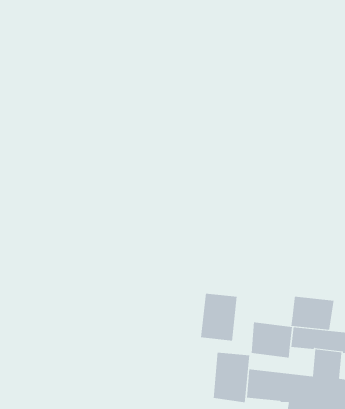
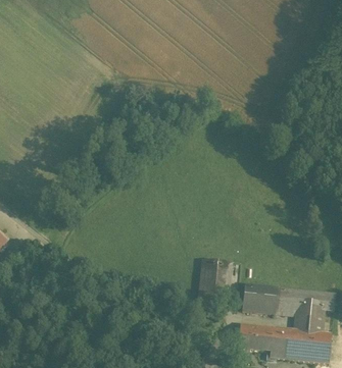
building: [291,296,334,330] -> none
building: [213,352,250,403] -> none

